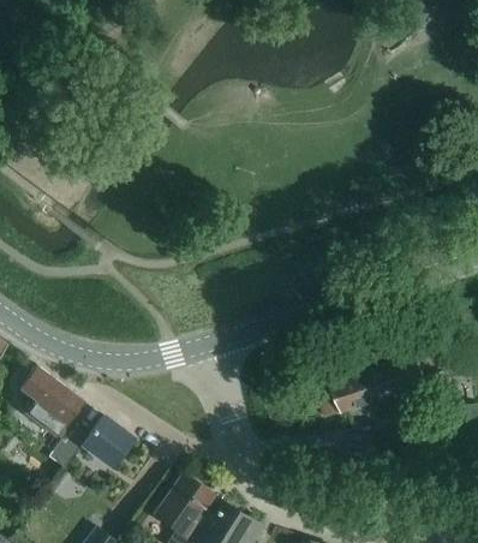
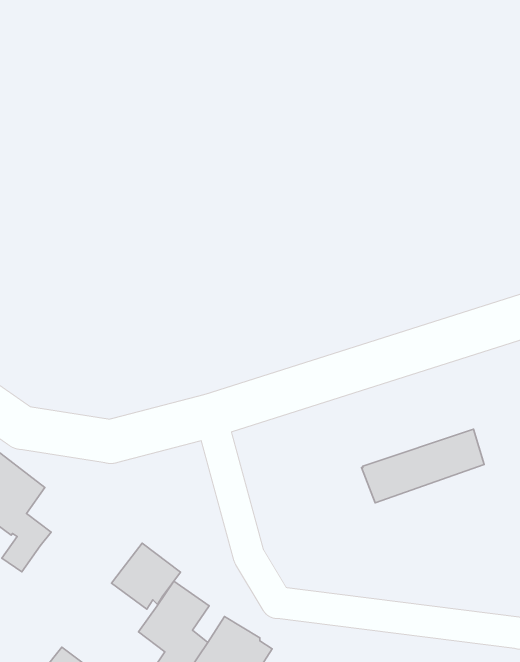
building: [79,416,133,467] -> [111,543,181,609]

